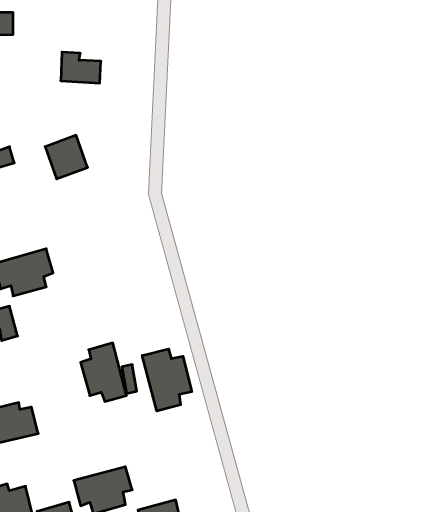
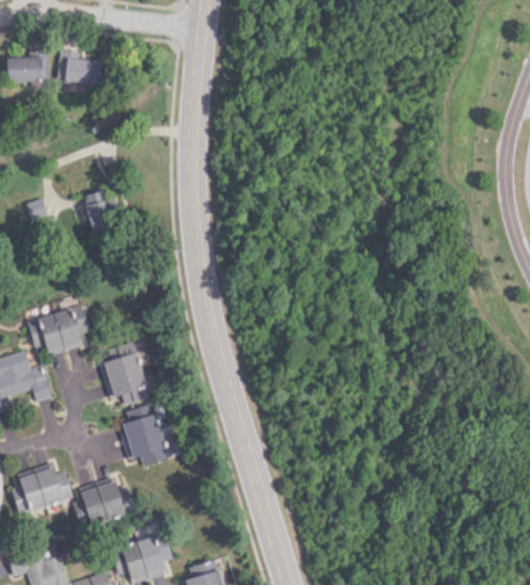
building: [61,52,101,83] -> [57,51,99,83]
building: none -> [100,352,150,404]
building: [142,349,192,411] -> none
building: none -> [74,481,133,522]

